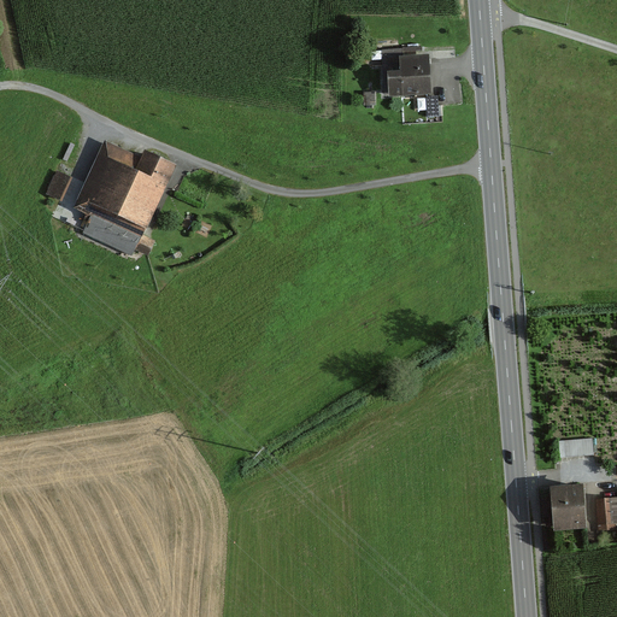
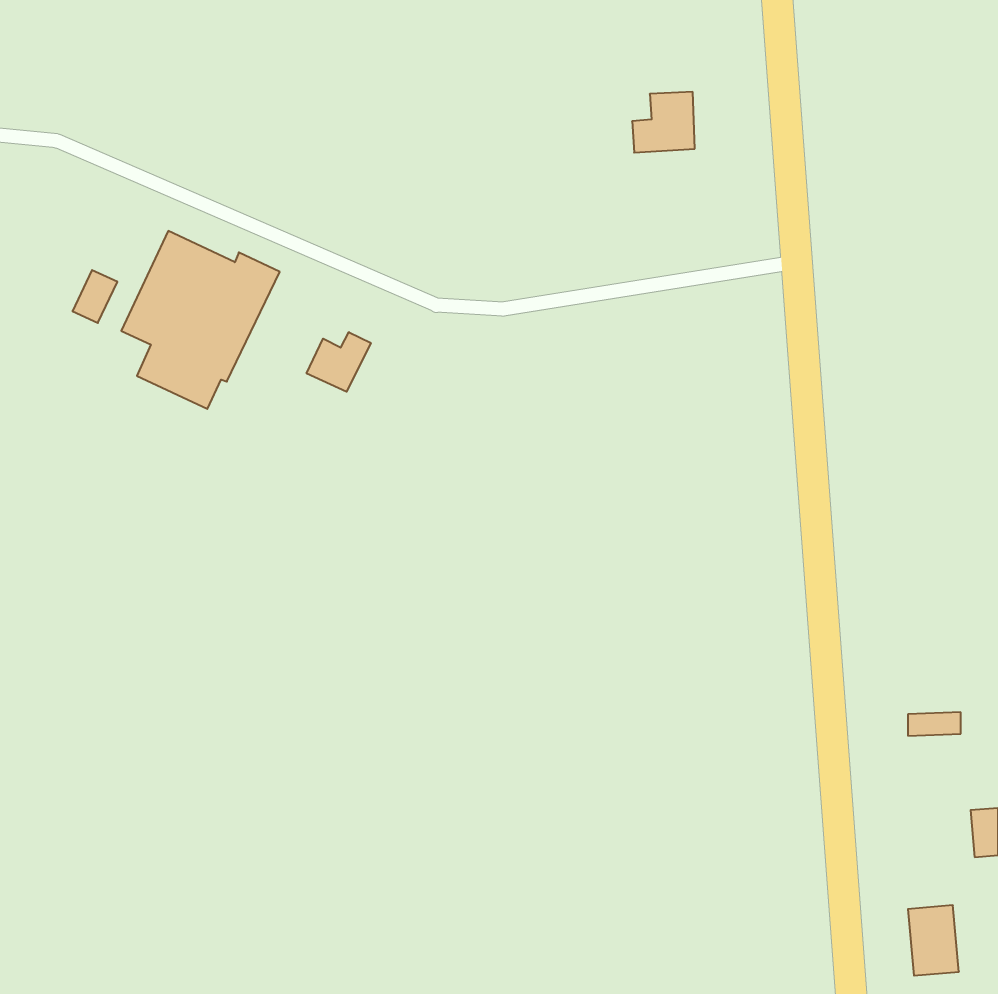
building: none -> [307,332,371,392]
building: [552,486,583,529] -> [908,905,959,976]

